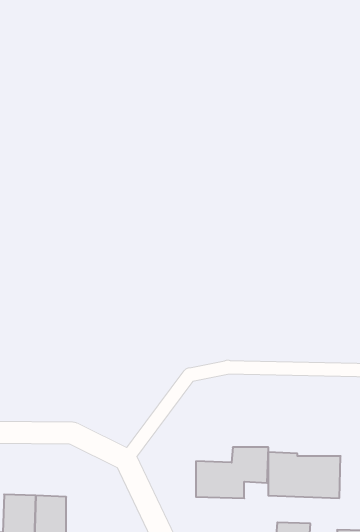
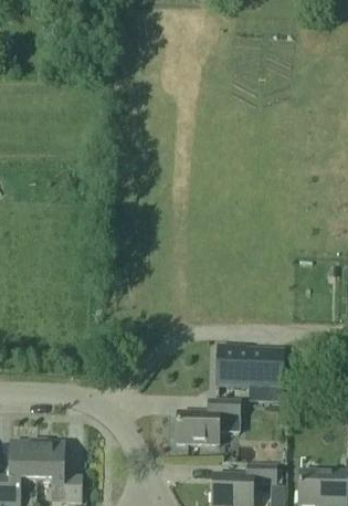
building: [268,452,341,498] -> [219,348,282,388]

